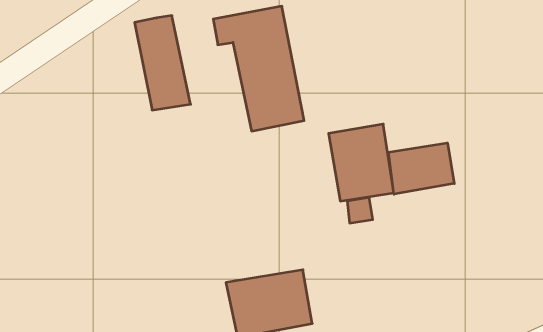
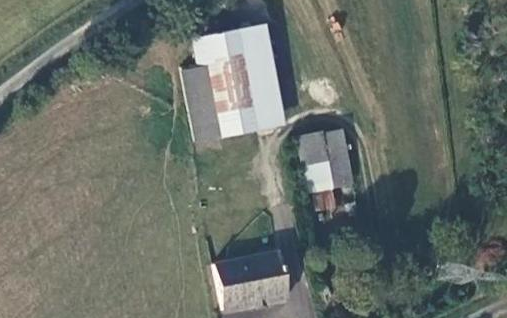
building: [135,16,191,110] -> [186,57,234,138]
building: [389,143,454,194] -> none

